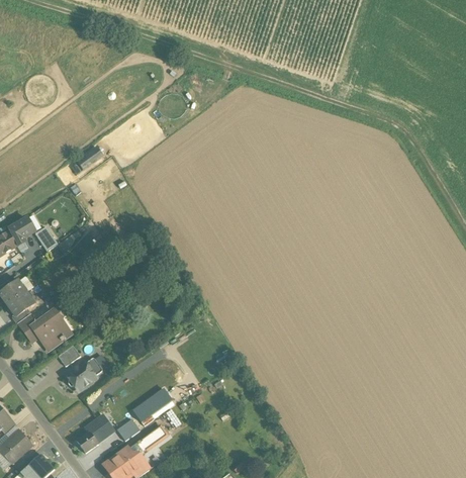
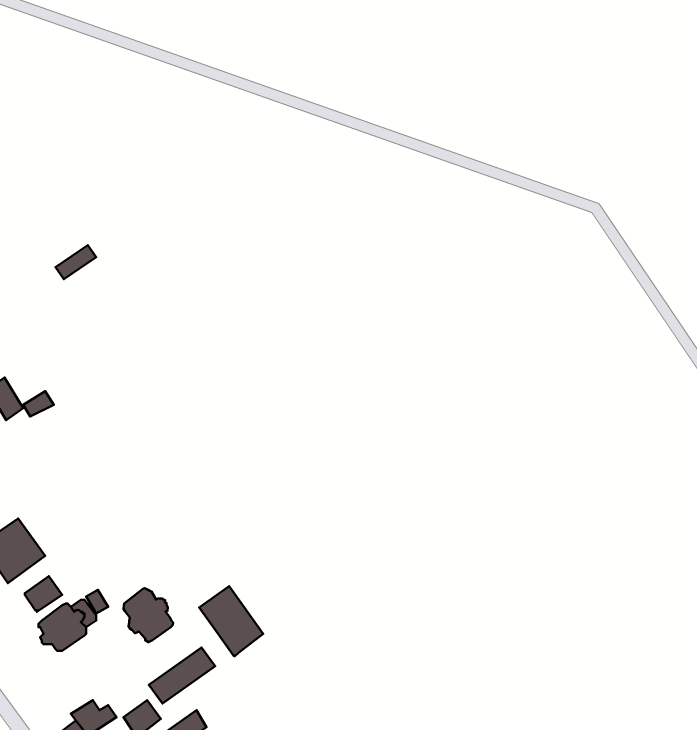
building: none -> [199,586,263,656]
building: none -> [124,588,173,642]

